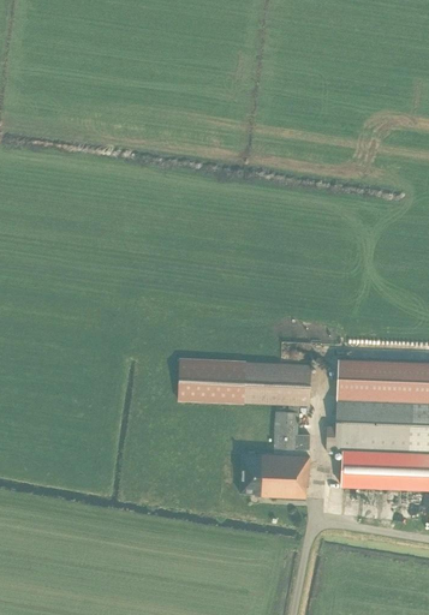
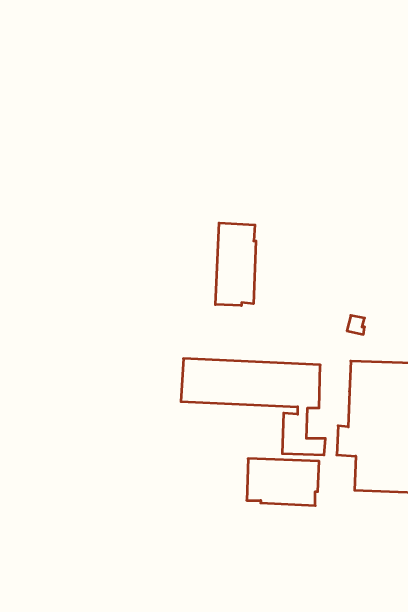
building: none -> [215,223,256,306]

